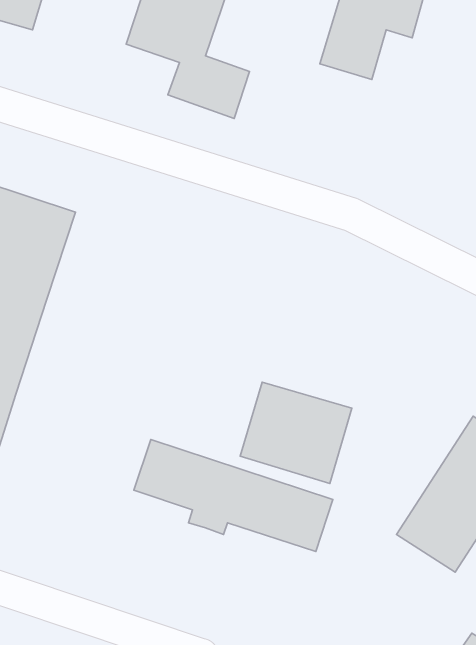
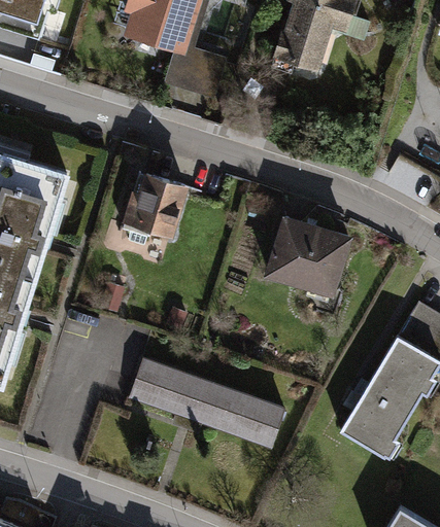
building: none -> [132,172,192,237]
building: [240,382,352,484] -> [255,221,343,302]

